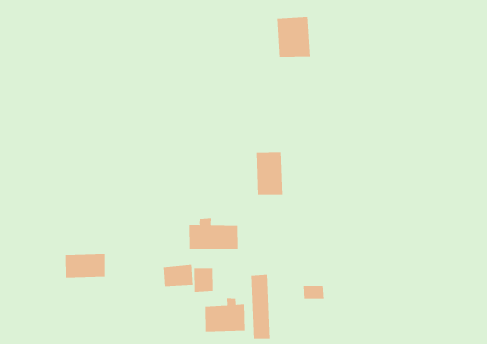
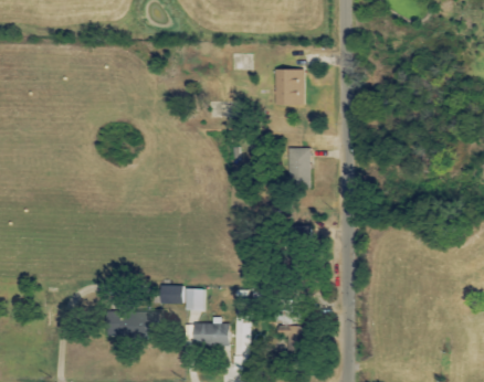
building: [256,152,283,195] -> [287,148,312,188]
building: [189,218,238,250] -> none
building: [65,254,106,278] -> [107,314,145,336]

